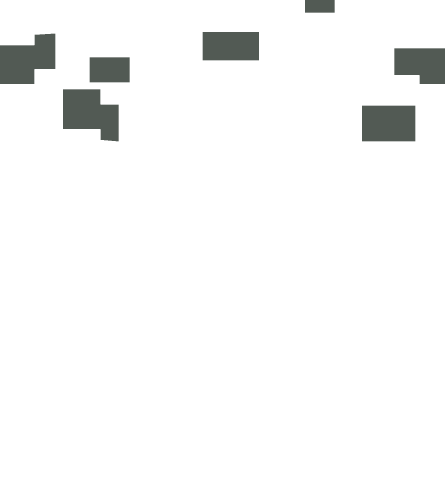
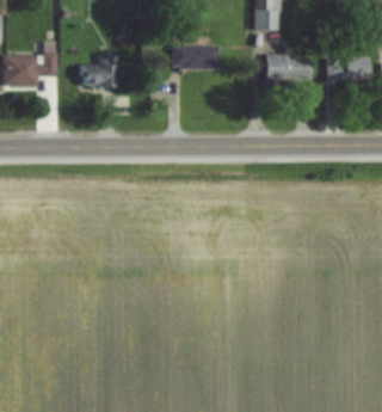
building: [62,89,120,142] -> none
building: [361,105,416,142] -> [267,54,312,84]

